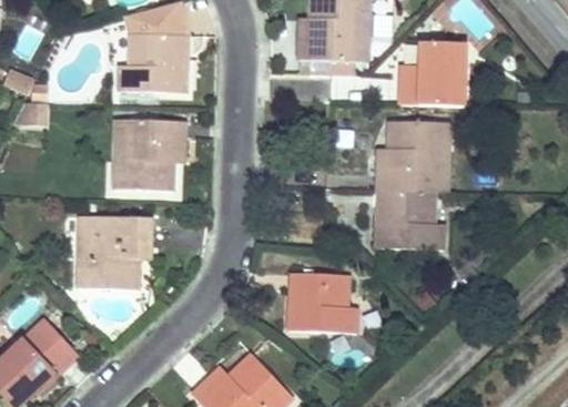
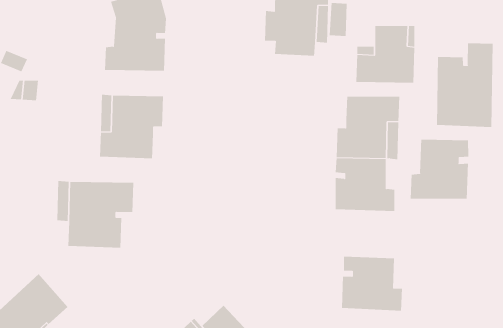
building: none -> [436,43,493,128]
building: none -> [410,139,469,199]
building: [288,272,357,333] -> [341,256,403,311]

